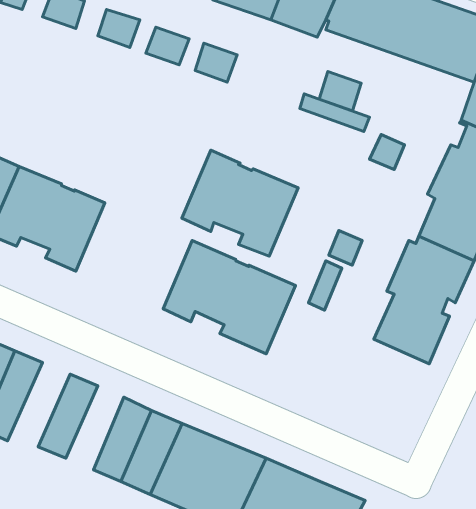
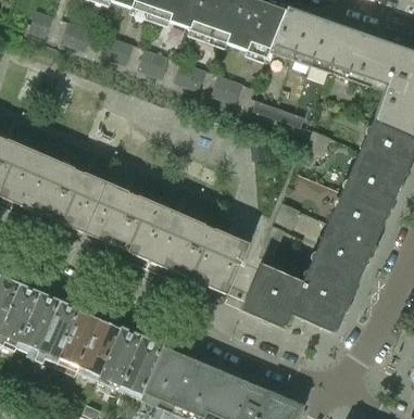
building: [319,72,361,111] -> [211,75,242,104]
building: [182,150,298,256] -> [85,181,172,261]
building: none -> [240,263,349,331]
building: none -> [34,301,80,364]
building: none -> [77,318,121,381]

